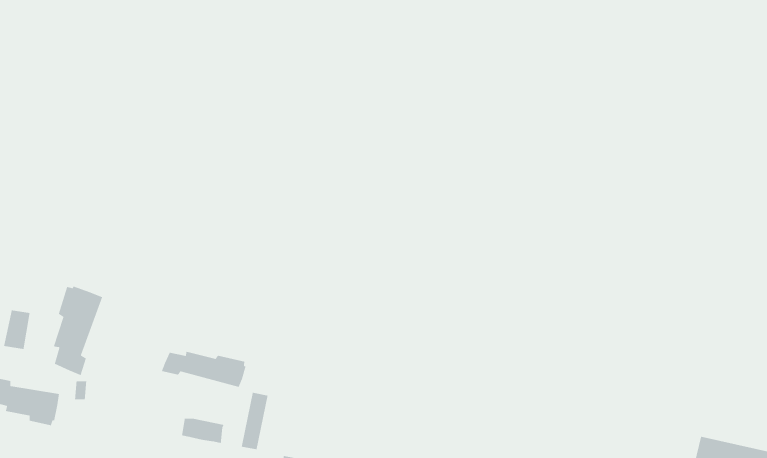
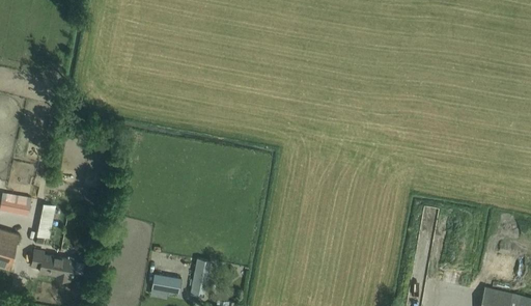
building: [53,286,103,376] -> none
building: [161,351,247,388] -> none

